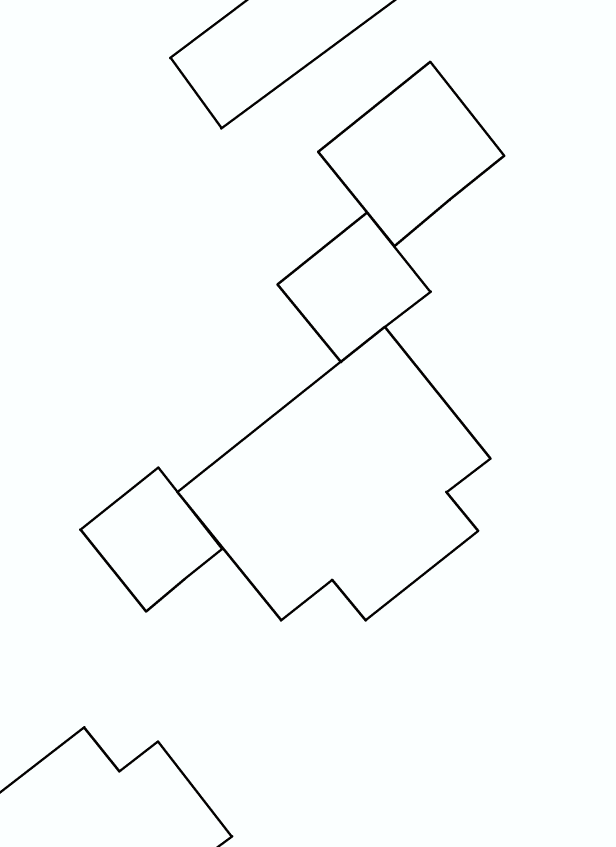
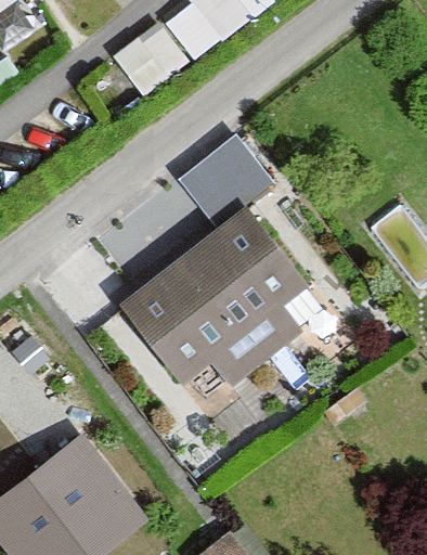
building: [318,62,504,246] -> none
building: [80,468,222,611] -> none

